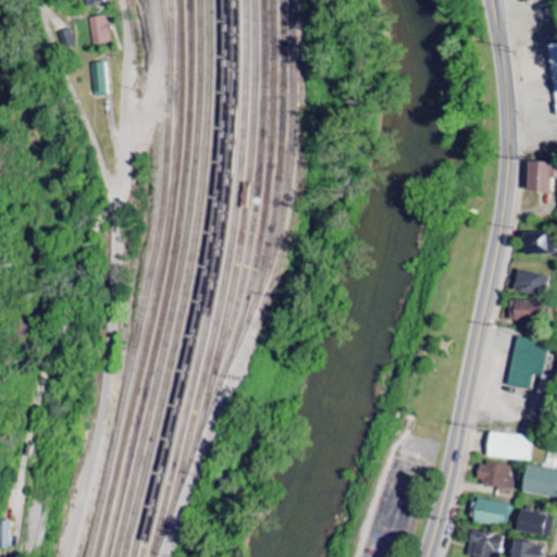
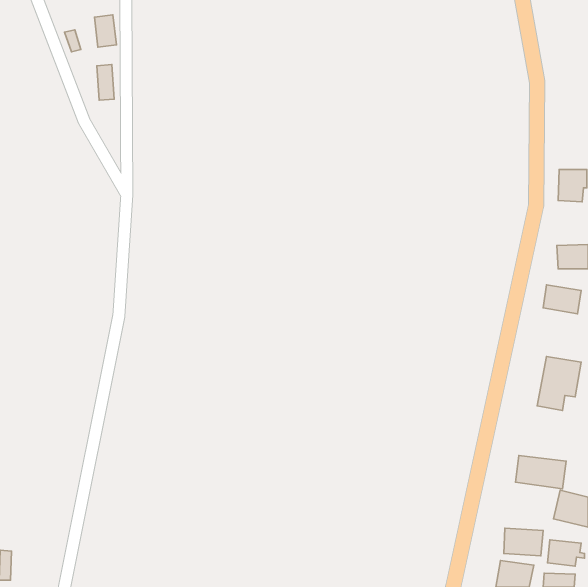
building: [509,299,541,321] -> none
building: [475,460,513,494] -> none

